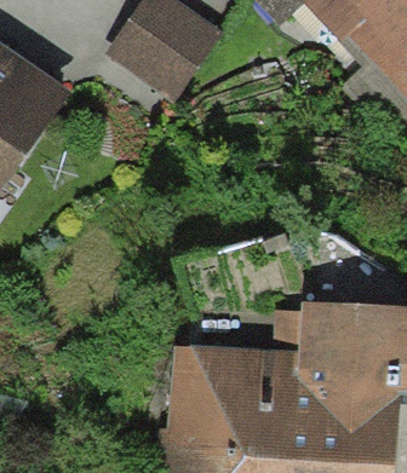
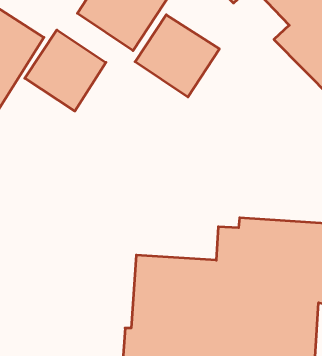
building: none -> [135,15,219,97]
building: none -> [25,30,106,111]

